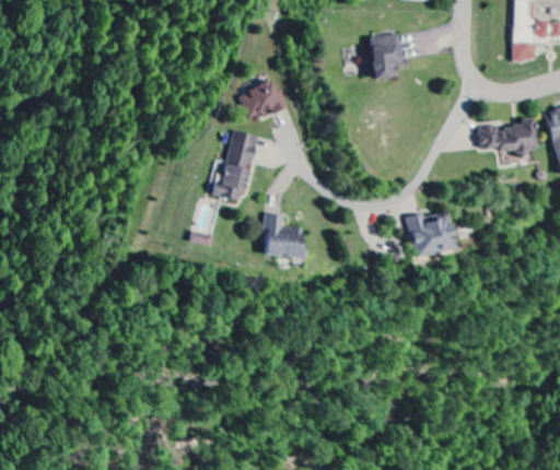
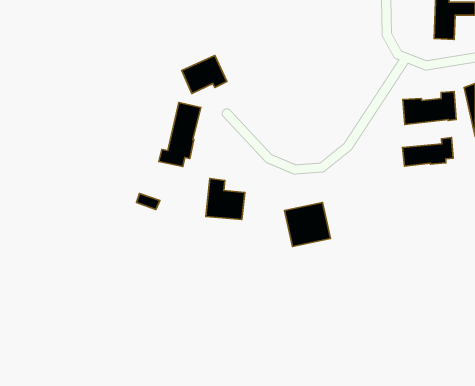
building: [372,34,404,79] -> none
building: none -> [403,138,453,166]
building: [406,210,456,258] -> [285,202,331,246]

